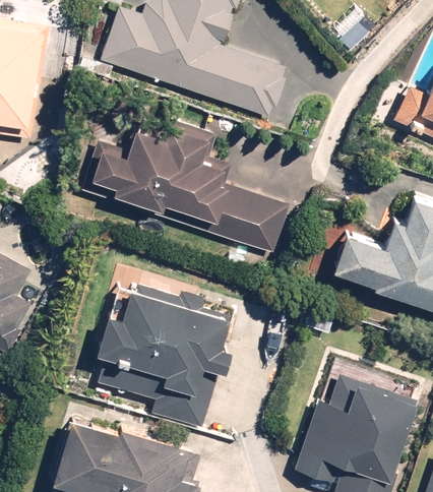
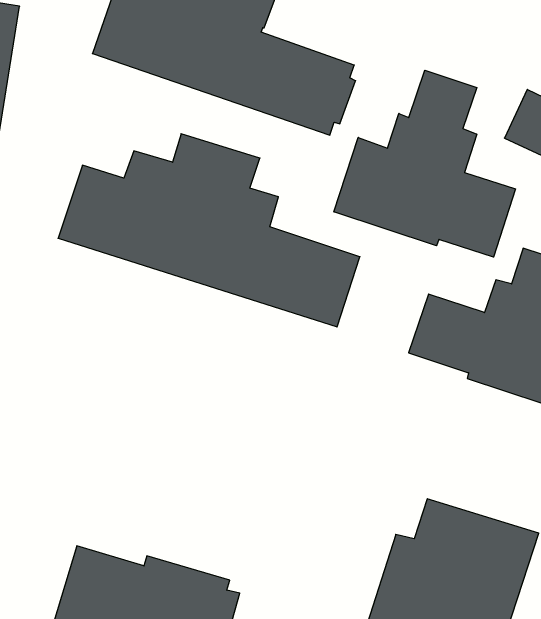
building: none -> [334,70,515,257]
building: [109,279,249,423] -> none

